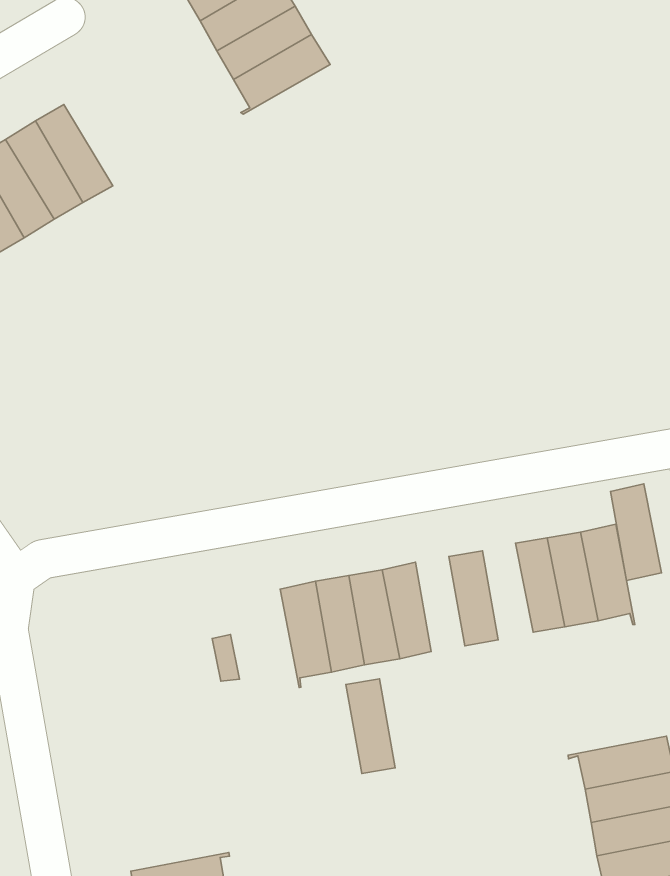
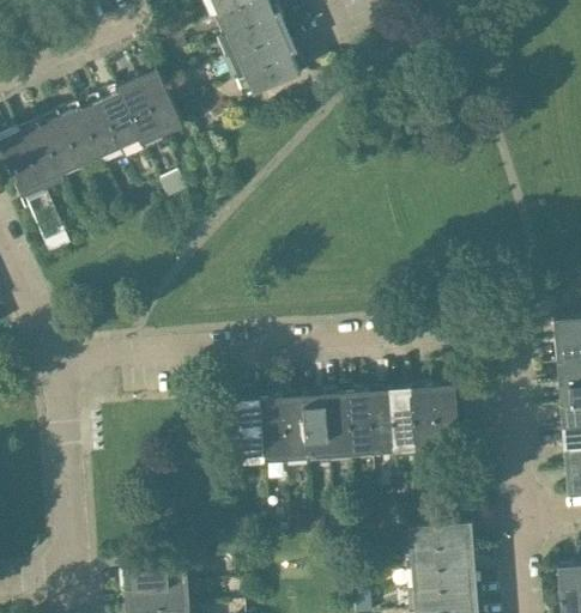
building: none -> [135,71,183,135]
building: [611,484,661,581] -> [368,390,394,450]
building: [346,679,395,774] -> [325,394,350,453]

